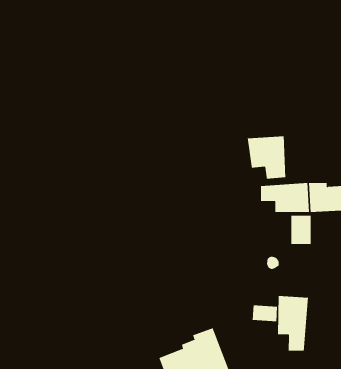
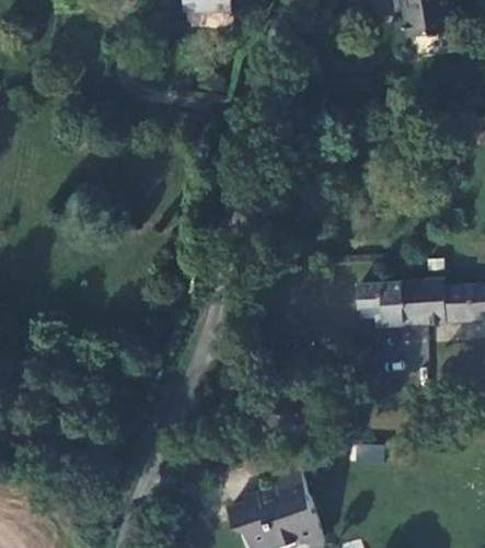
building: [247,136,286,180] -> none
building: [277,295,309,352] -> none

